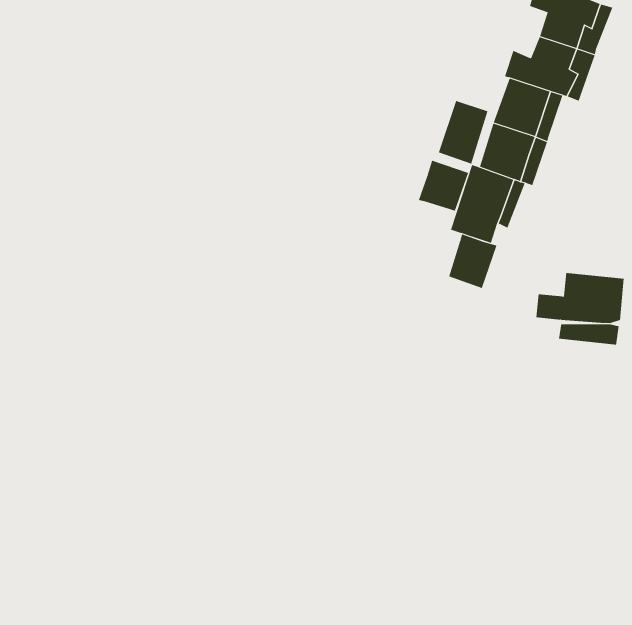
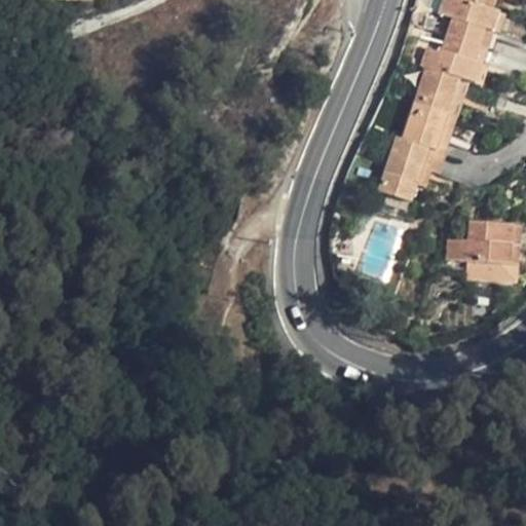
building: [438,100,488,164] -> none
building: [418,160,469,211] -> none
building: [448,234,497,289] -> none

